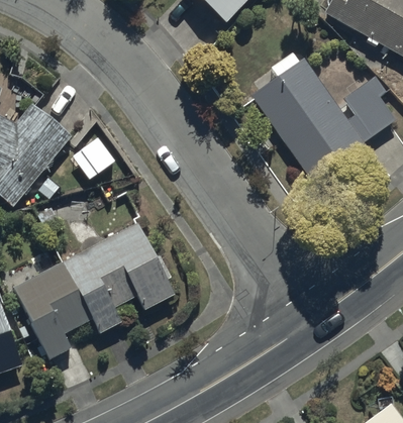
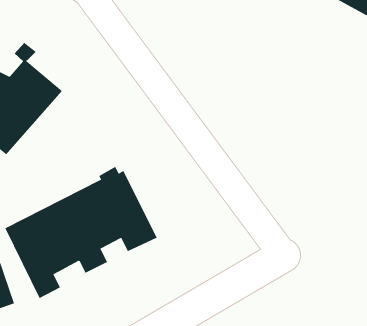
building: [247,46,395,182] -> none

